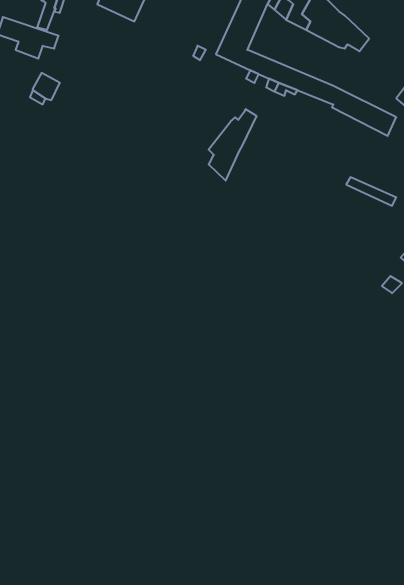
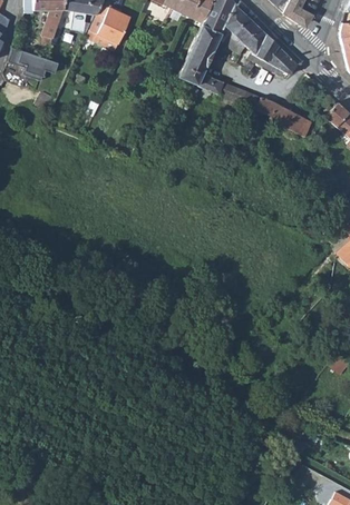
building: [209,109,256,181] -> none

